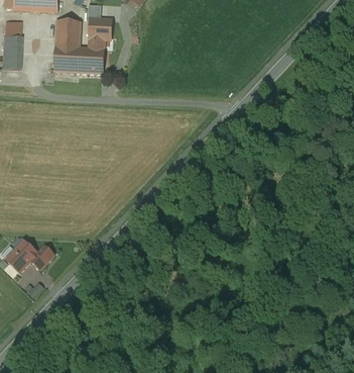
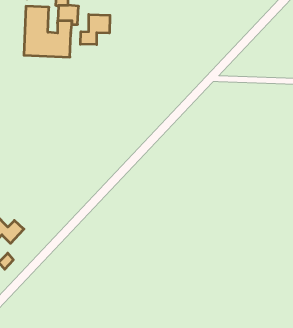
building: none -> [80,14,110,45]

